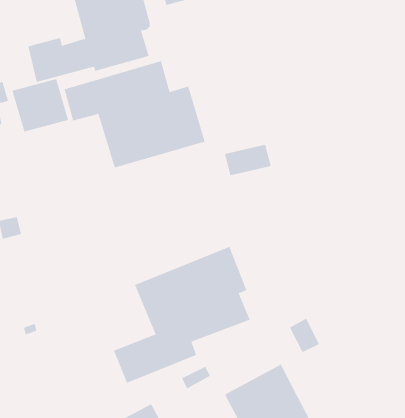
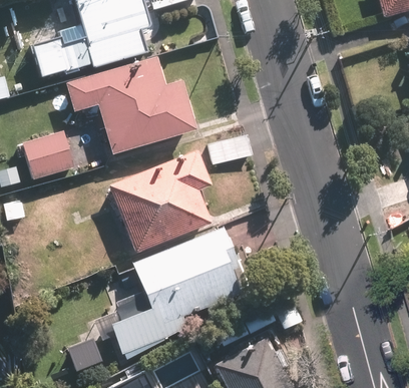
building: [12,78,69,132] -> [26,129,78,178]
building: none -> [108,148,212,252]

